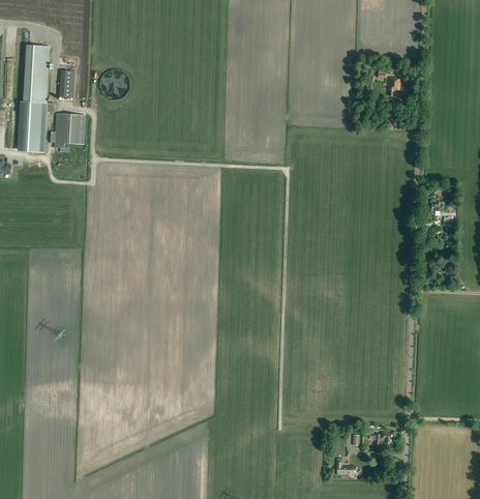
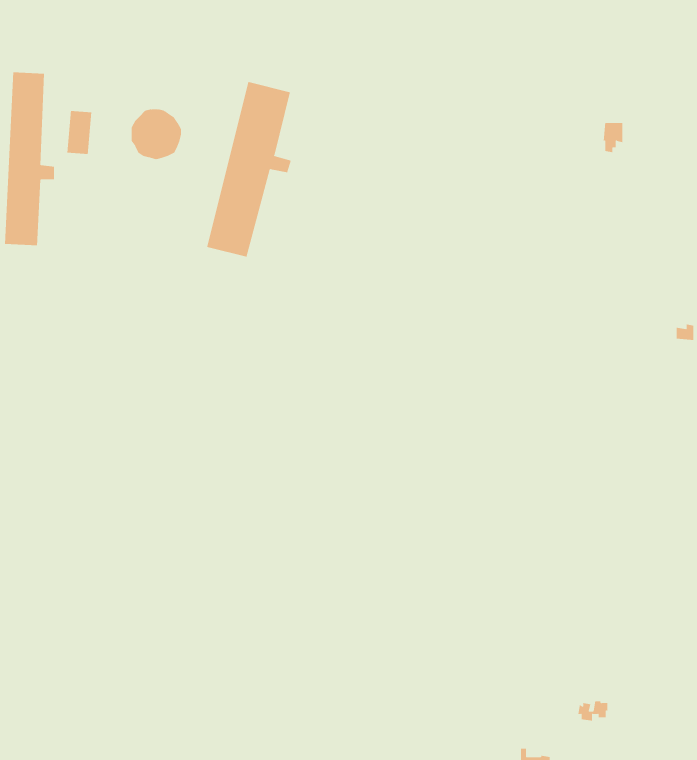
building: none -> [207,81,292,257]
building: [47,113,85,147] -> none

